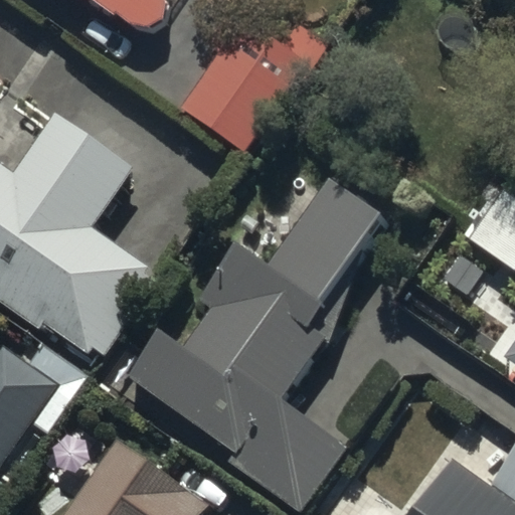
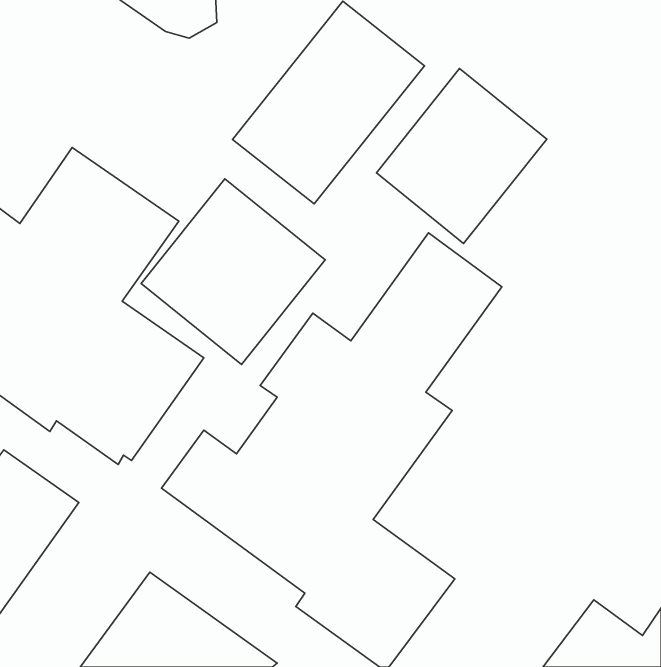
building: none -> [376,69,547,243]
building: none -> [141,179,325,364]

